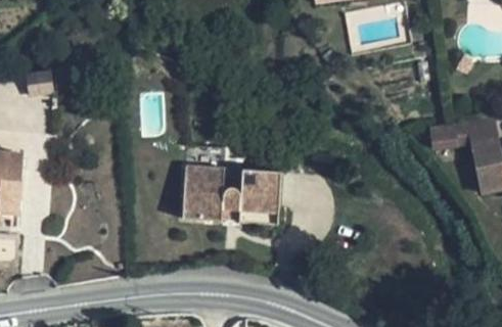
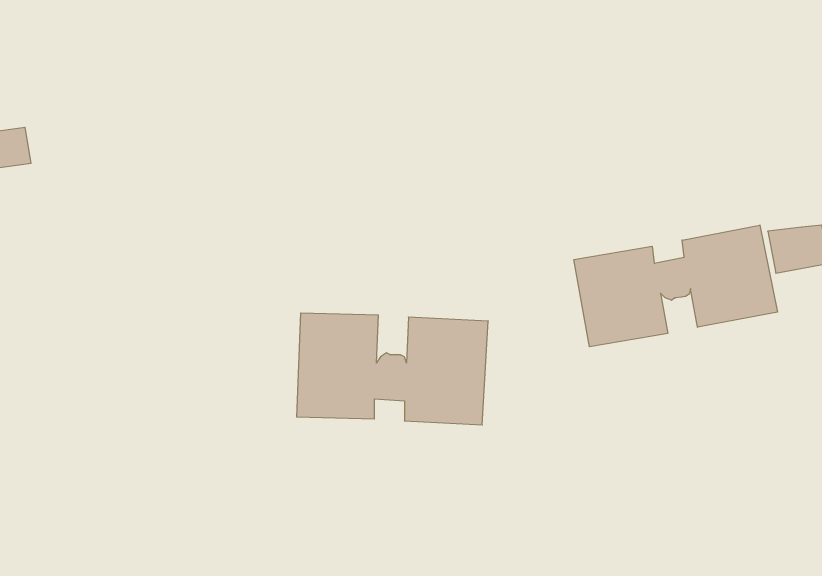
building: none -> [574,225,778,347]

